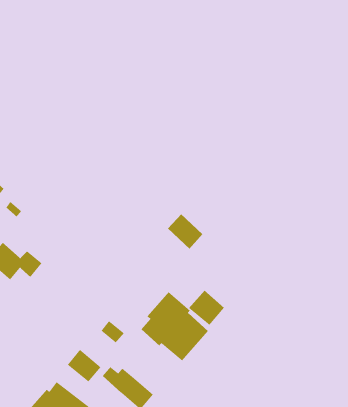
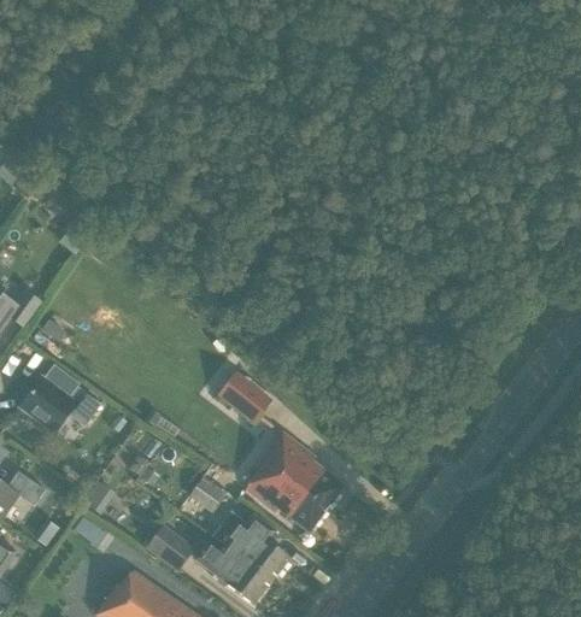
building: [167,213,203,250] -> [217,371,269,422]
building: [188,290,225,326] -> none
building: none -> [223,513,289,580]

